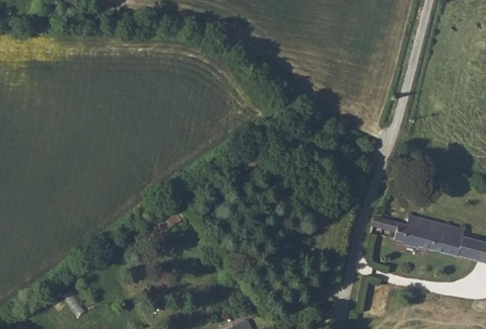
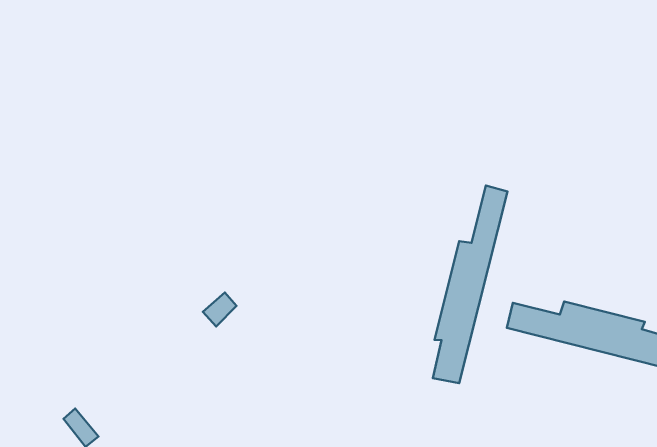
building: none -> [433,186,507,383]

